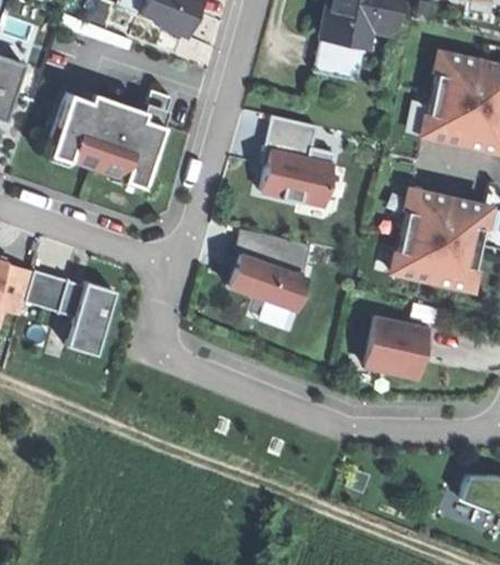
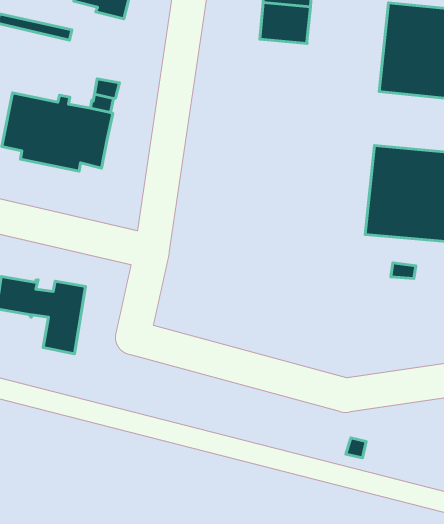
building: [263,117,336,204] -> none
building: [230,230,312,310] -> none
building: [365,317,434,376] -> none

